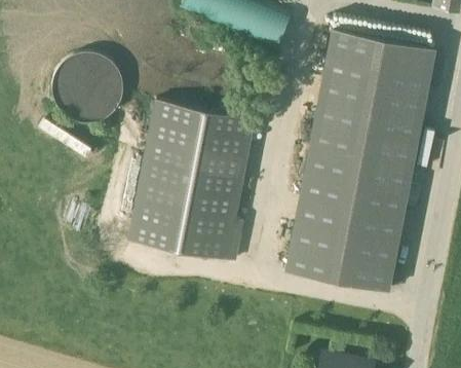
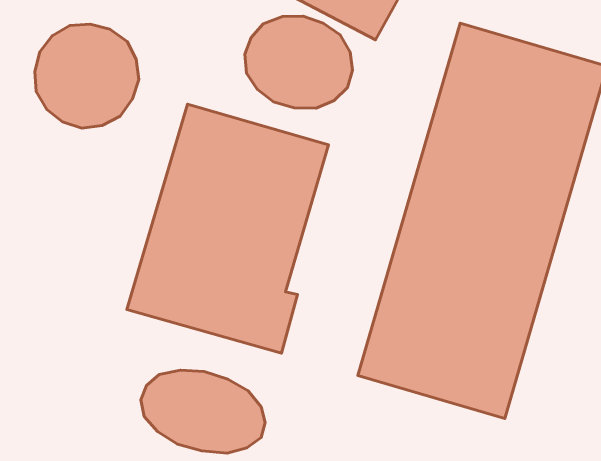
building: none -> [245,16,352,108]
building: none -> [141,370,265,453]

